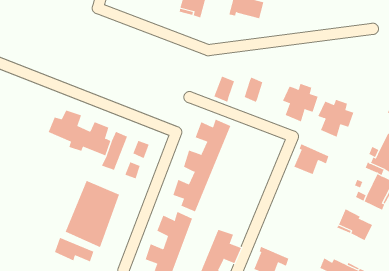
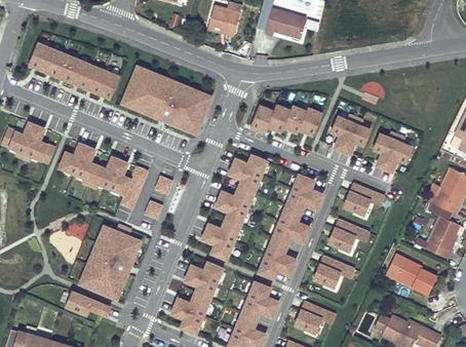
building: none -> [32,39,123,100]
building: none -> [121,63,213,134]
building: none -> [267,103,289,131]
building: none -> [300,106,322,136]
building: none -> [11,120,52,164]
building: none -> [258,172,325,279]
building: none -> [326,216,367,252]
building: none -> [45,218,88,261]
building: none -> [312,252,352,286]

